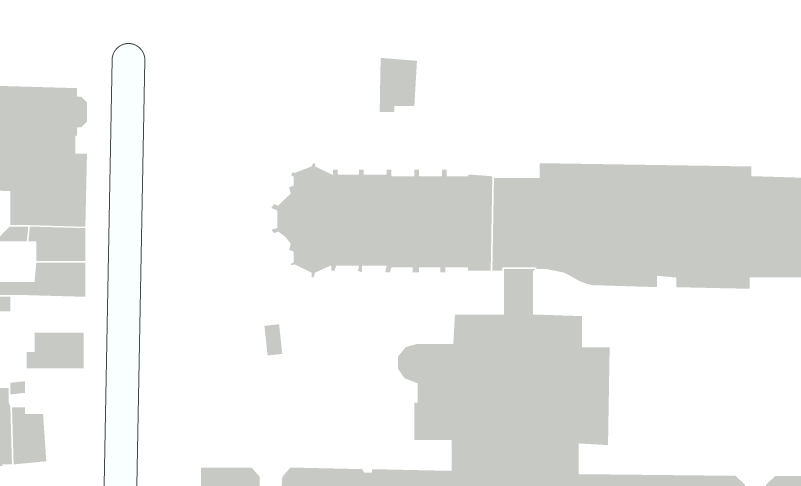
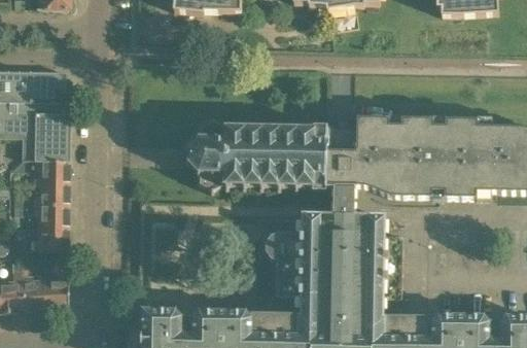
building: [379,57,418,113] -> none
building: none -> [32,201,69,223]
building: none -> [42,268,67,306]

